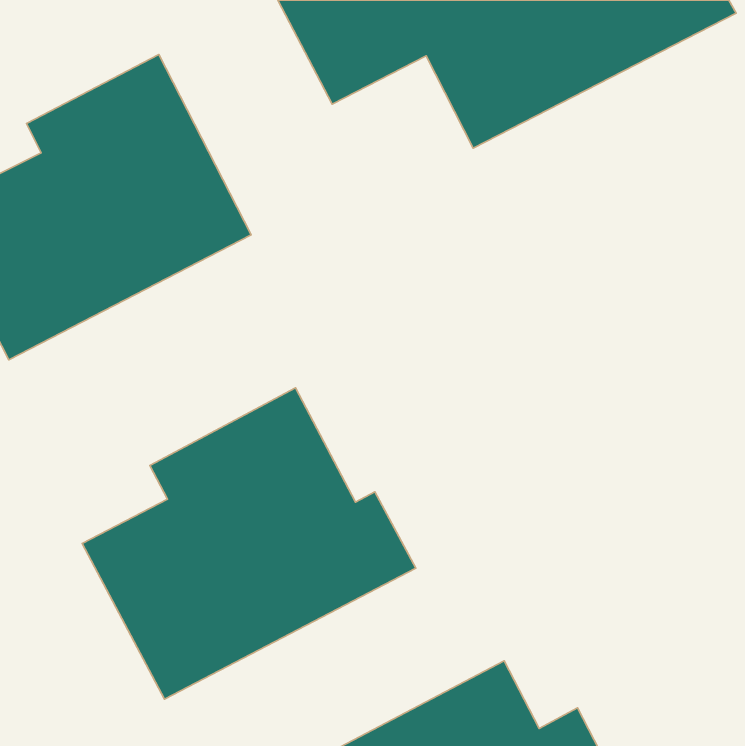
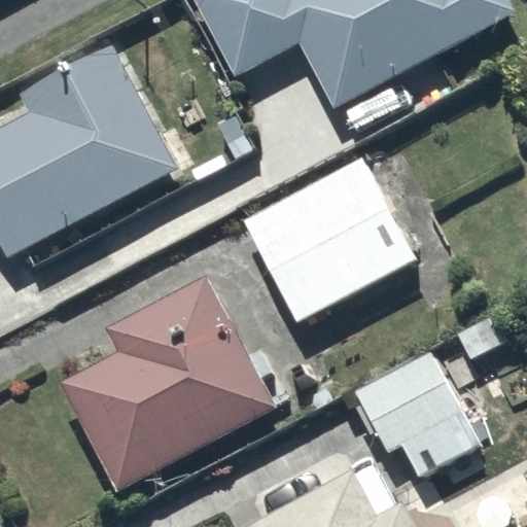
building: none -> [242,156,418,324]
building: none -> [354,350,482,479]

